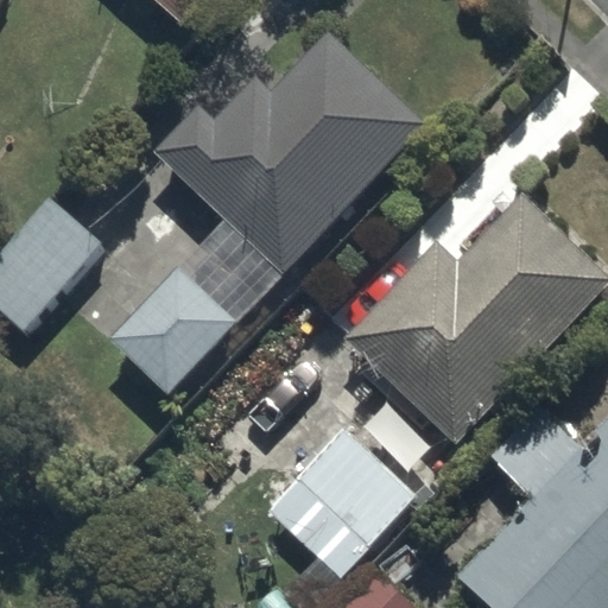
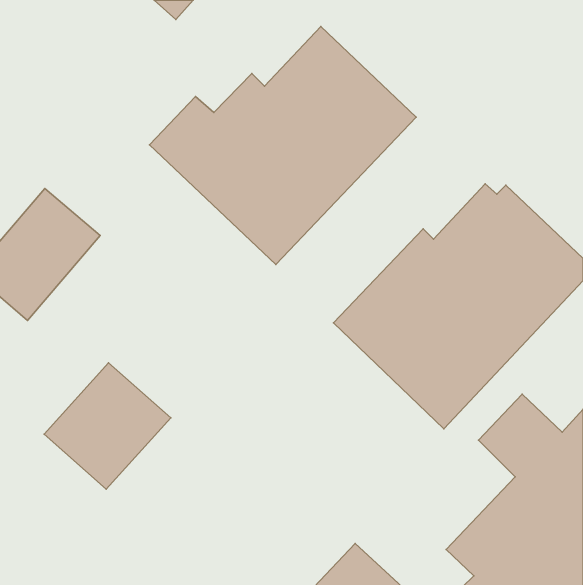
building: [108,265,239,395] -> [44,363,171,489]
building: [266,428,420,583] -> none

